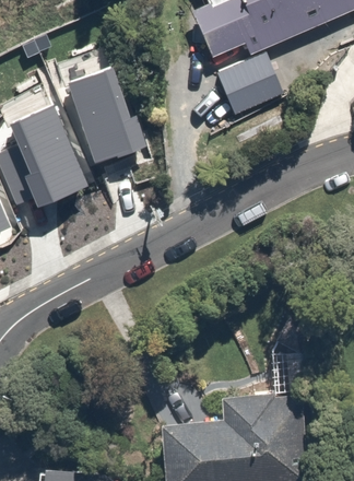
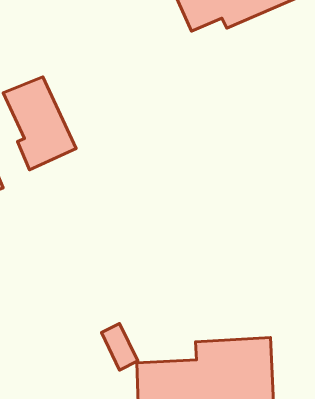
building: [219,52,284,114] -> none
building: [69,69,149,165] -> none

